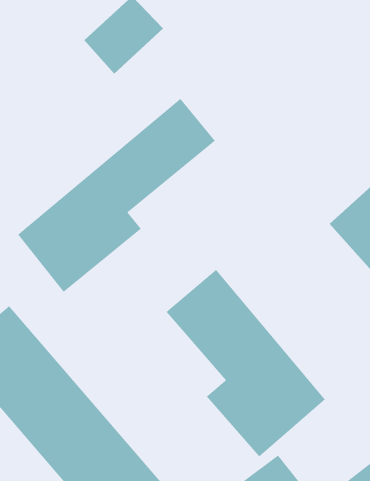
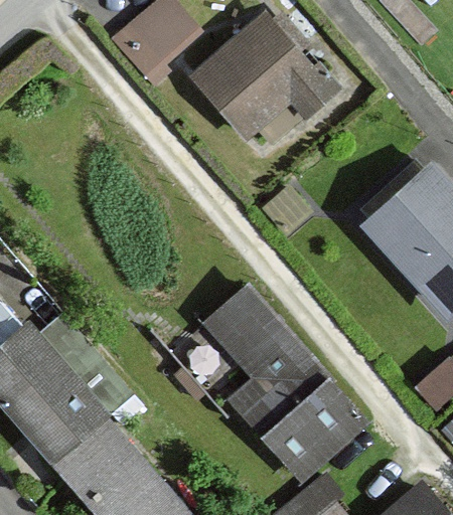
building: none -> [191,9,338,139]
building: [17,98,216,293] -> none

